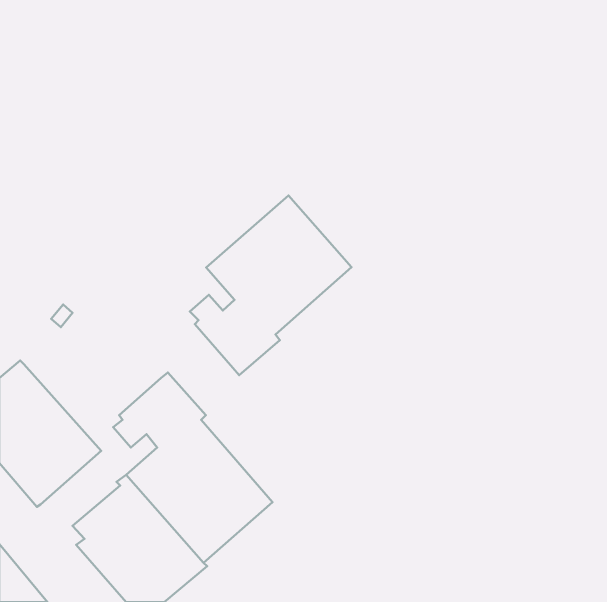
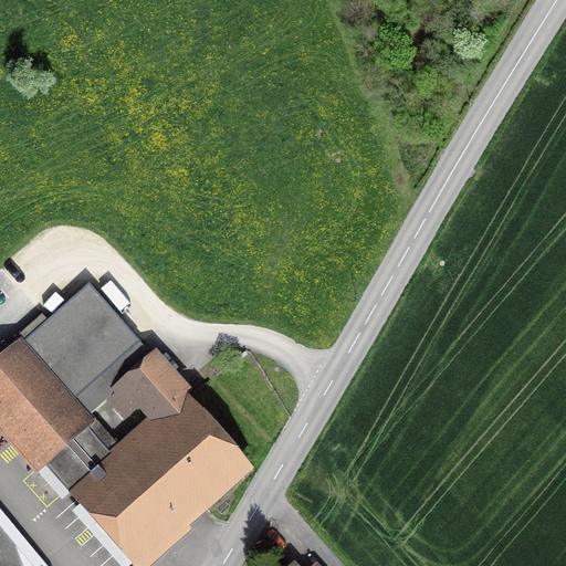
building: [190,195,351,375] -> none
building: none -> [22,281,149,495]

